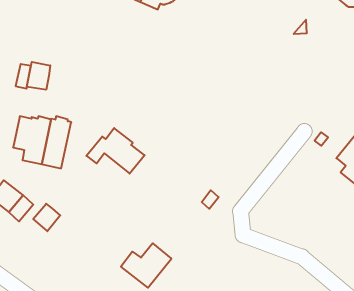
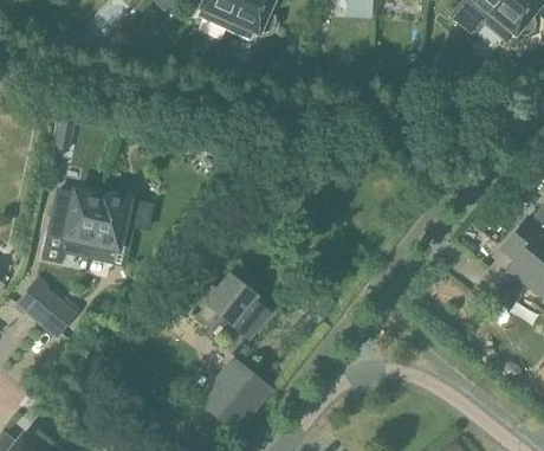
building: [27,62,50,90] -> none
building: [86,128,145,174] -> [190,275,272,339]
building: [33,204,60,231] -> none

